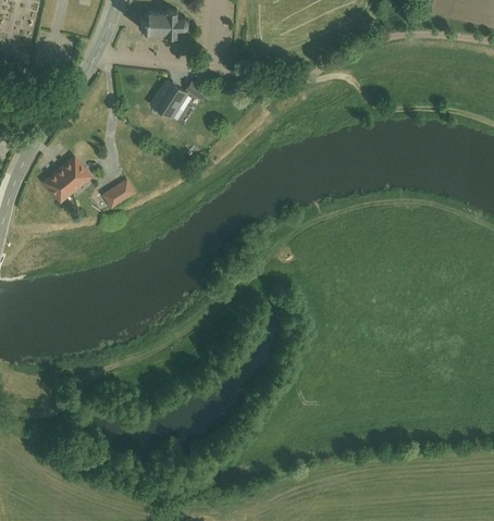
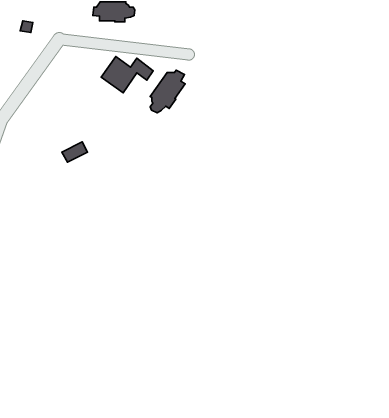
building: none -> [150,70,185,113]
building: [44,157,91,203] -> none

